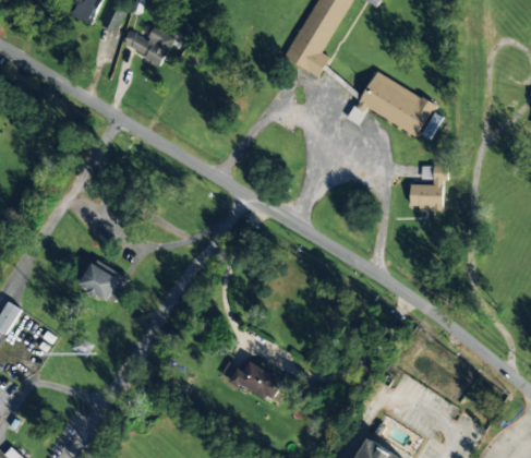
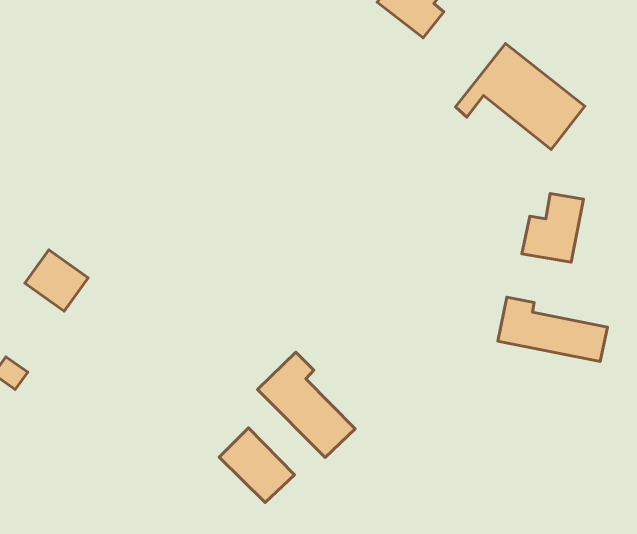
building: none -> [498,297,608,361]
building: none -> [258,352,355,458]

